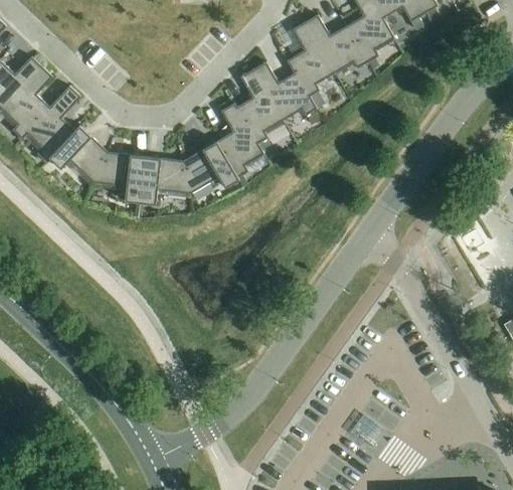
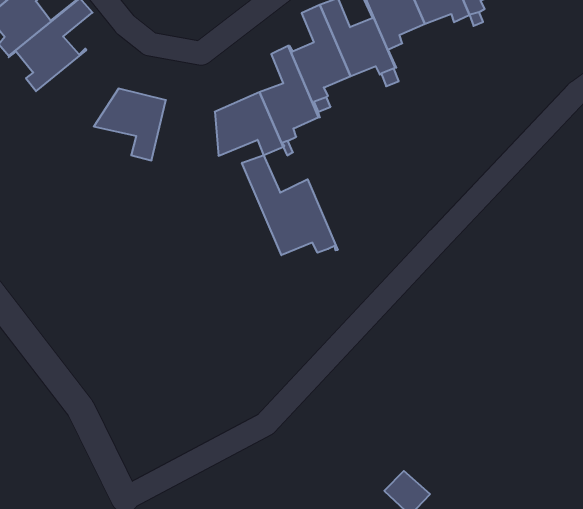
building: [45,126,108,183] -> none
building: [140,156,190,204] -> none
building: none -> [242,155,338,255]

